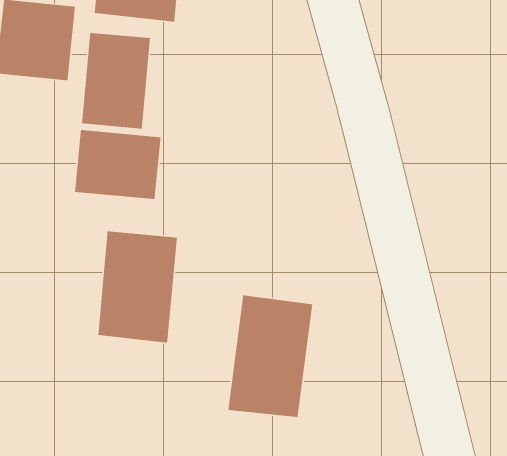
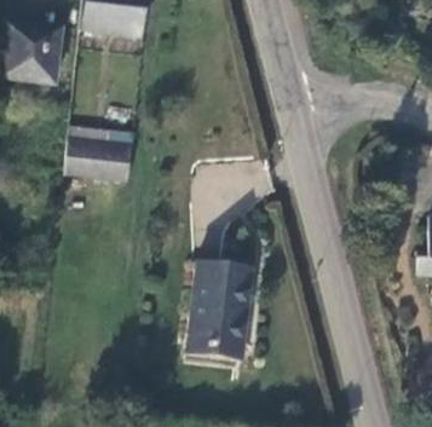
building: [81,32,151,129] -> none
building: [97,230,178,343] -> none

